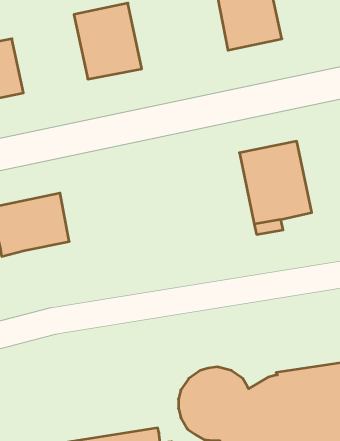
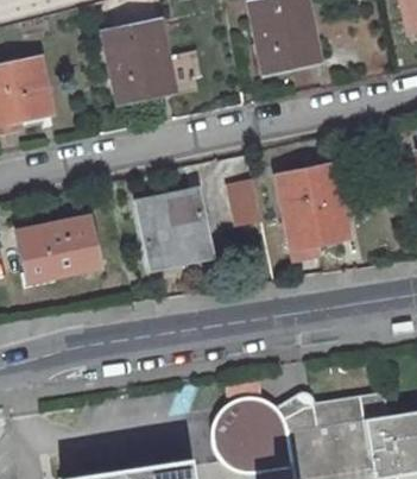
building: none -> [229,181,263,227]
building: none -> [139,191,207,261]

